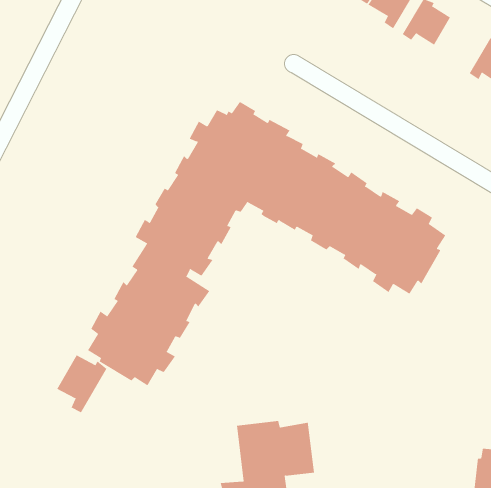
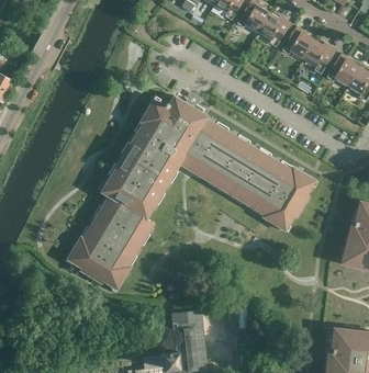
building: none -> [304,39,336,74]
building: [57,355,107,413] -> none

